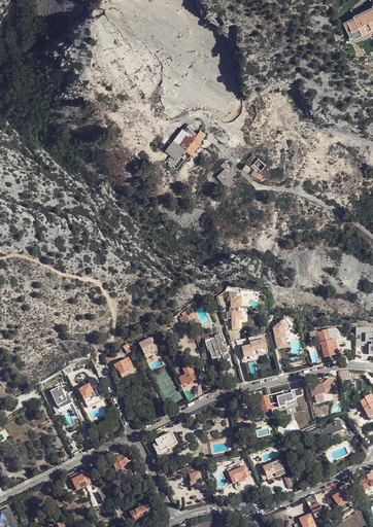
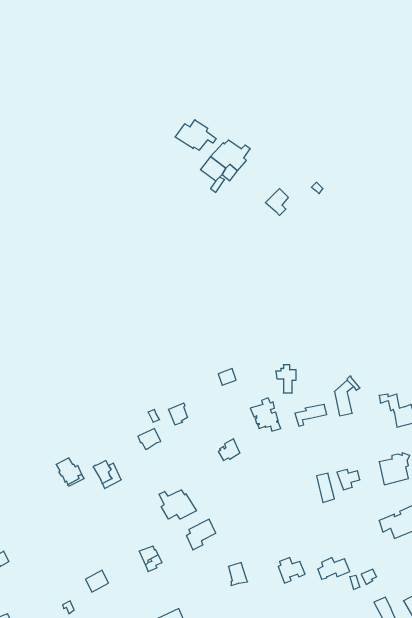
building: none -> [175,120,216,150]
building: none -> [159,490,196,519]

